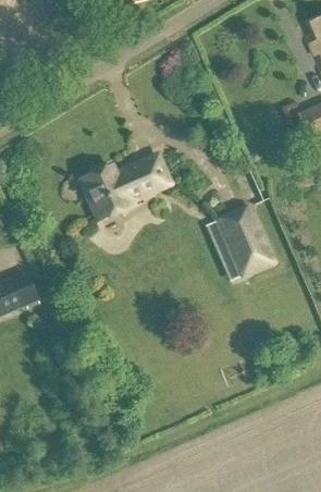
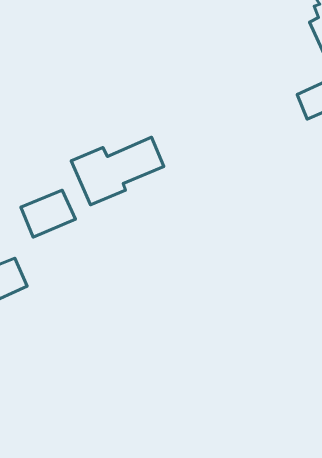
building: [214,204,277,279] -> none
building: none -> [21,190,75,237]

